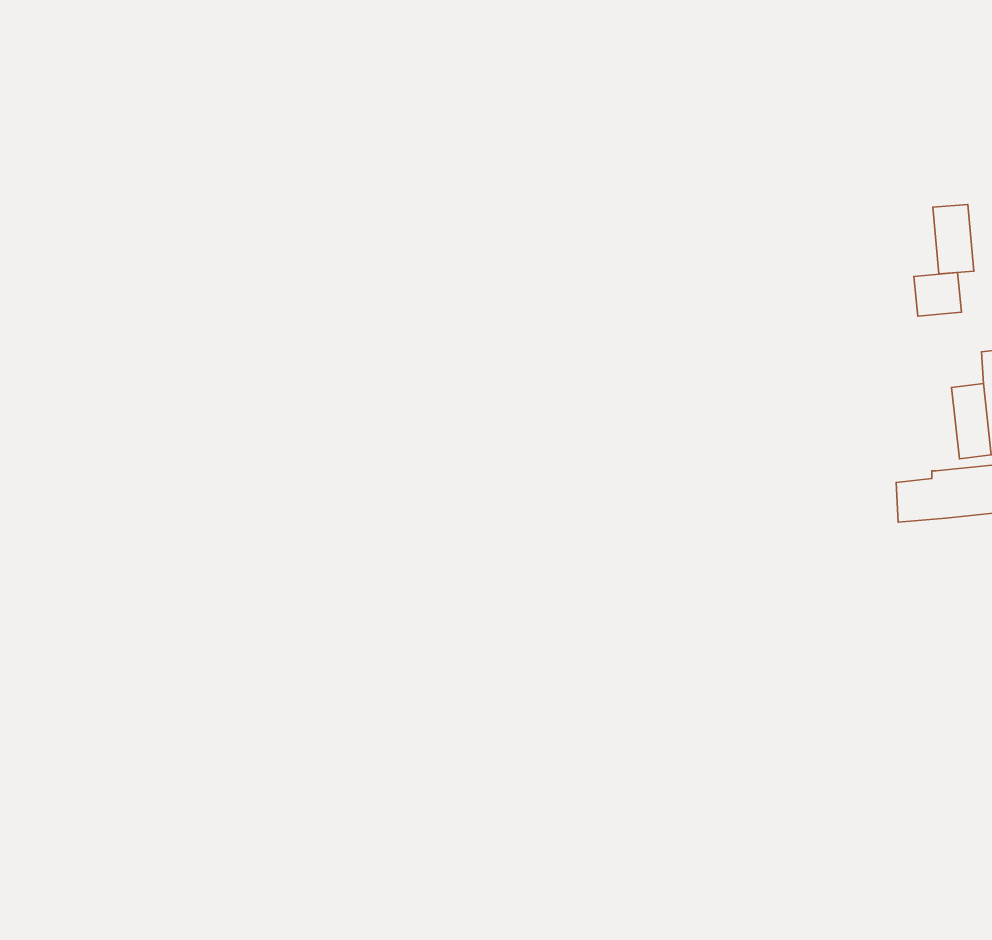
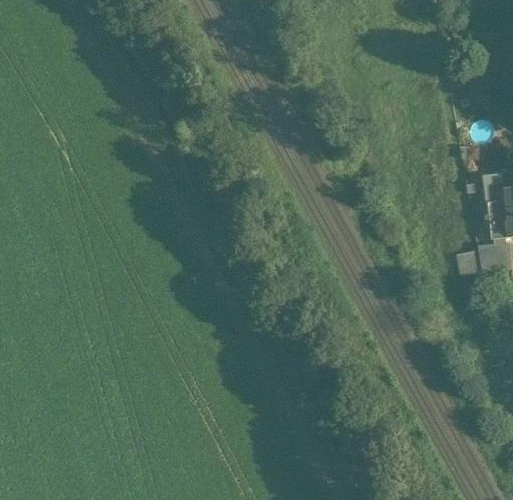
building: [933,204,974,274] -> none
building: none -> [482,174,503,204]

